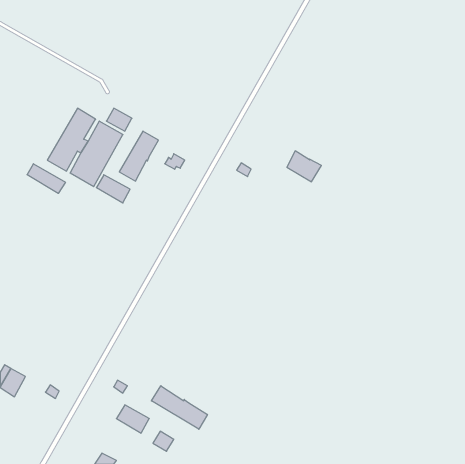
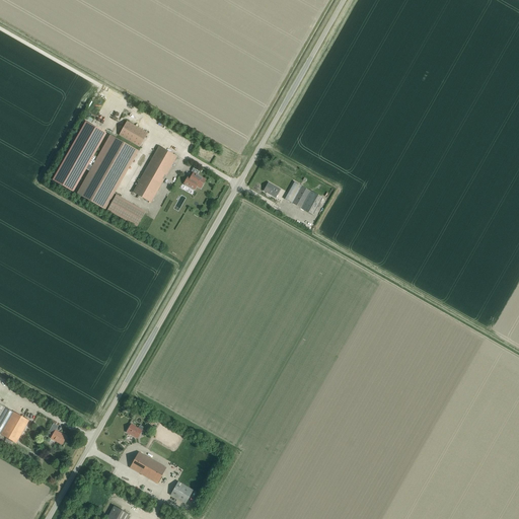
building: [287,151,321,182] -> [285,180,323,215]
building: [27,164,65,193] -> none
building: [151,386,207,429] -> none

